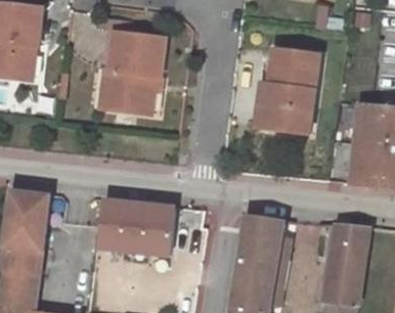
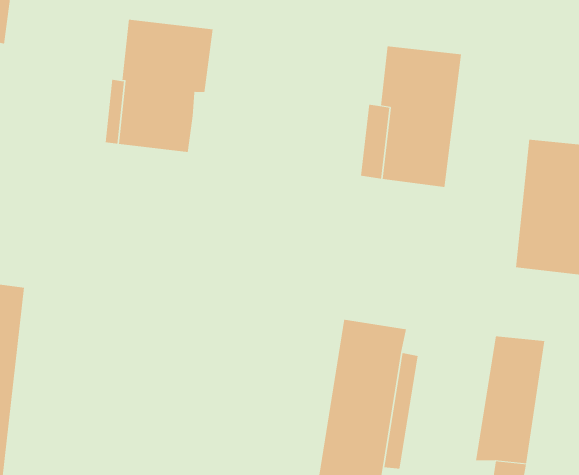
building: [93,198,176,270] -> none

